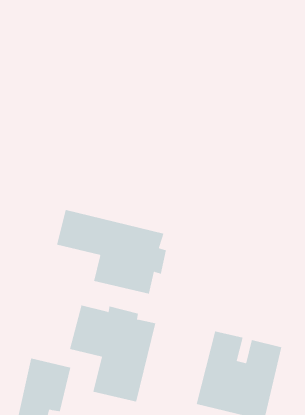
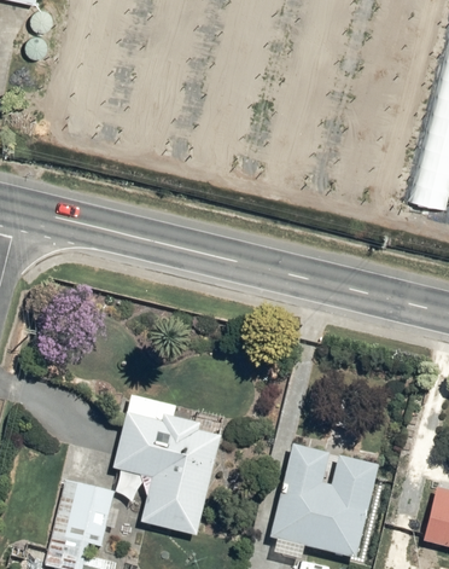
building: [56,209,167,294] -> none

